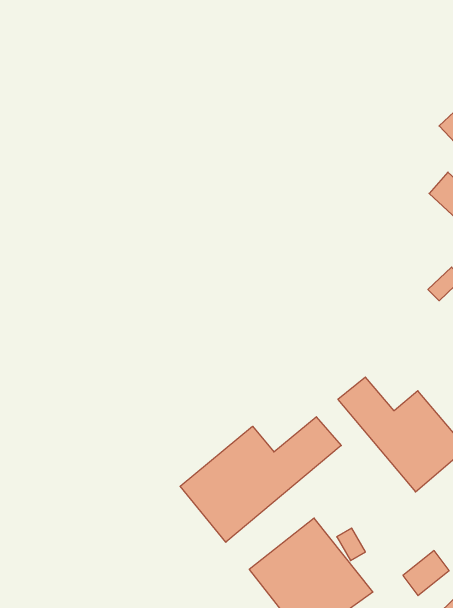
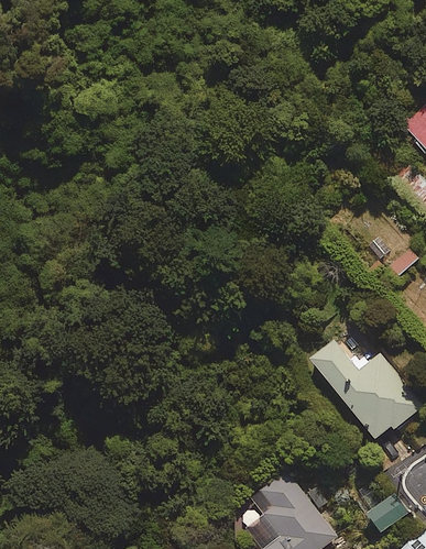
building: [180,417,341,542] -> none

